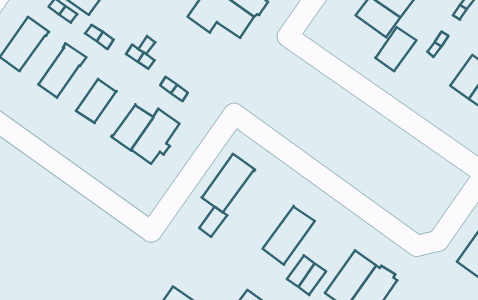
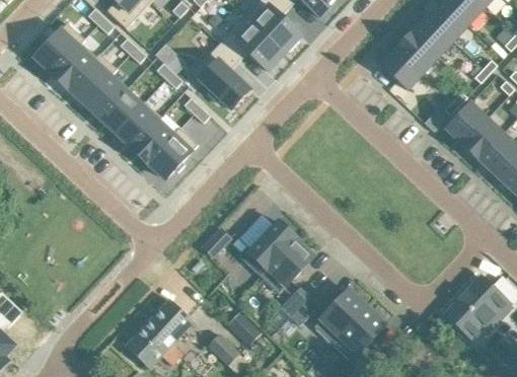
building: none -> [192,43,249,108]
building: [375,27,416,71] -> [445,102,487,144]
building: none -> [50,42,96,89]
building: none -> [83,75,125,118]
building: none -> [116,100,161,147]
building: [202,154,255,213] -> [241,220,296,275]

